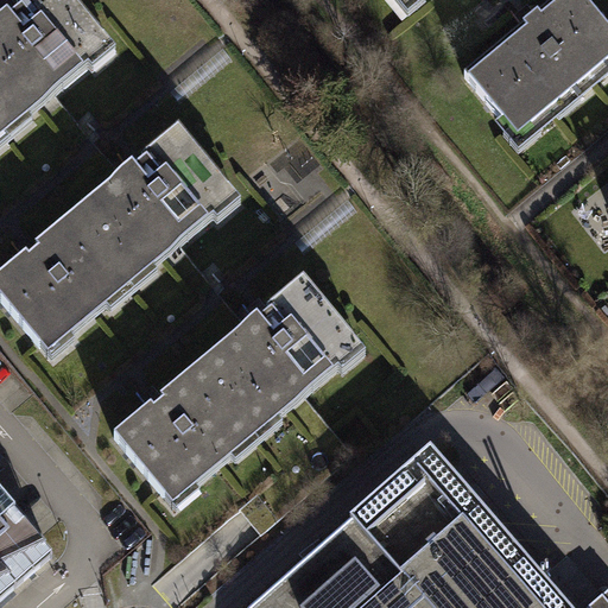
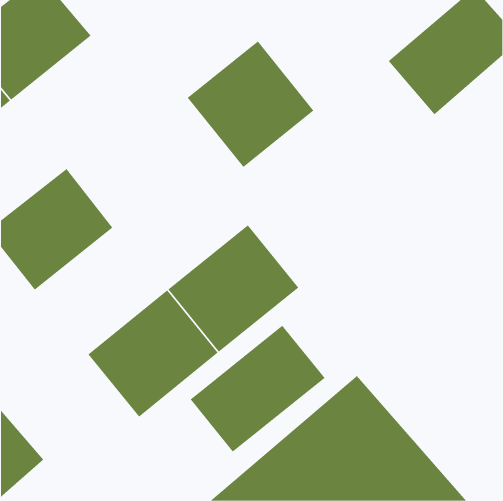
building: none -> [187,41,314,168]
building: [81,126,233,274] -> none
building: none -> [190,325,325,453]

